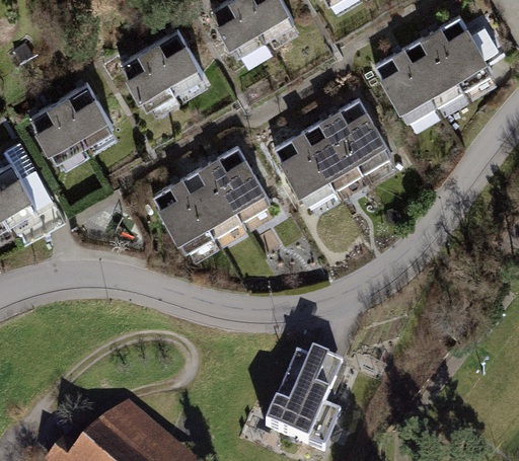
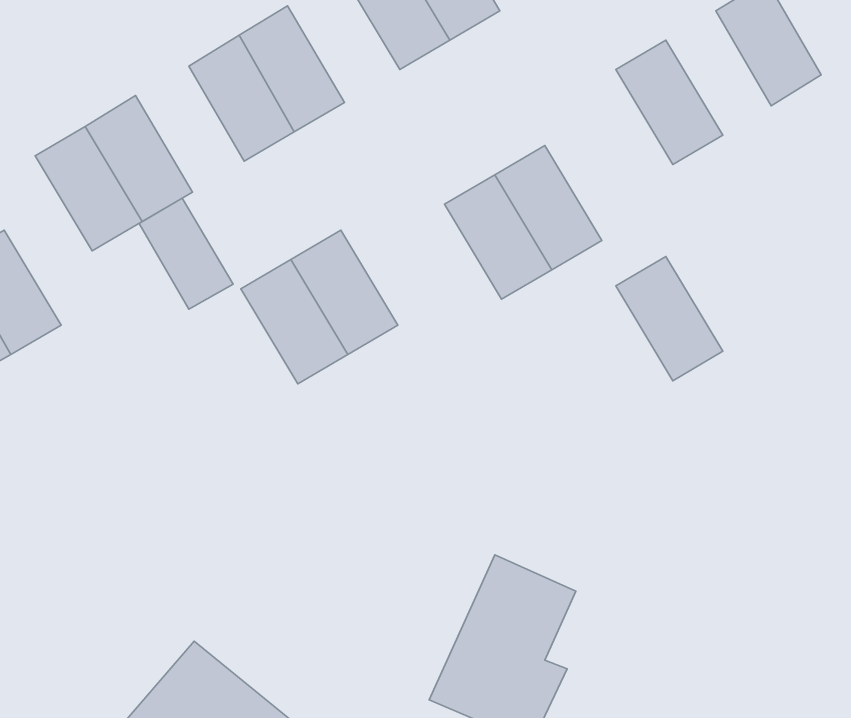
building: [398,31,460,104] -> none
building: [327,93,390,166] -> [616,256,723,381]
building: none -> [139,198,233,309]
building: [208,142,271,216] -> none

